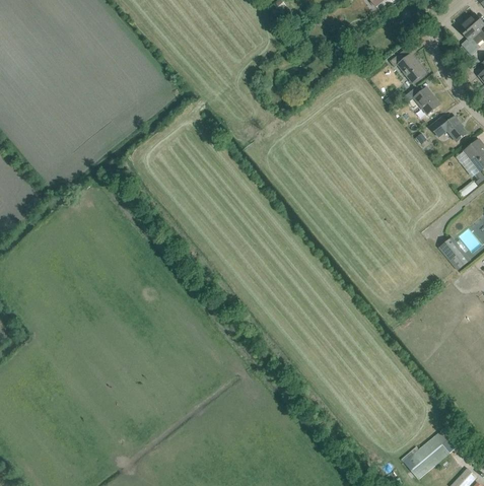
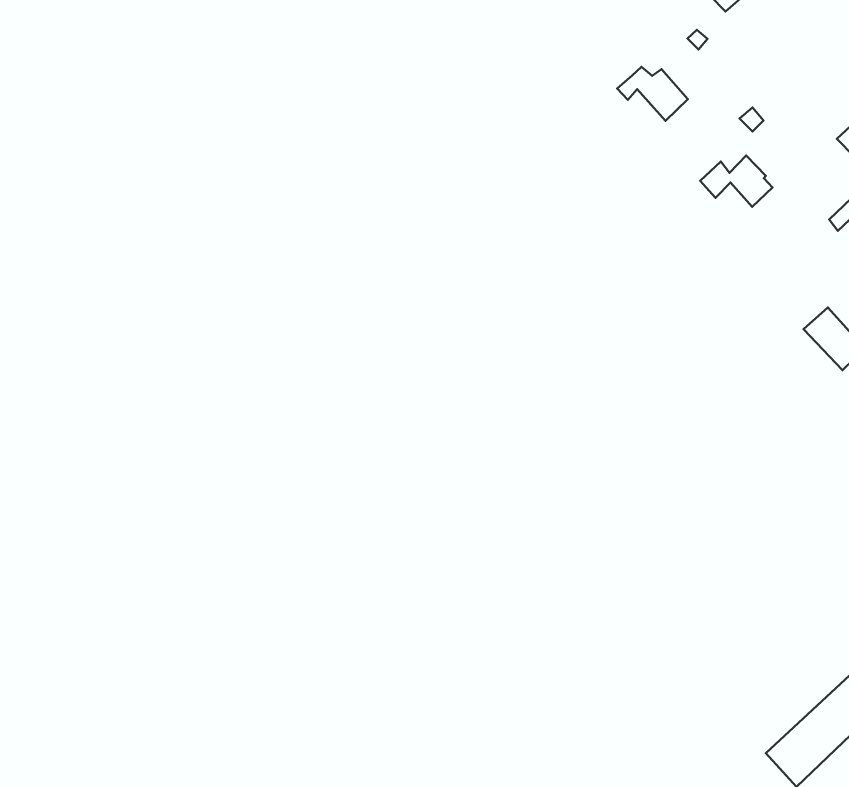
building: [404,86,439,115] -> [617,67,688,121]
building: [430,114,467,140] -> [700,155,773,207]

